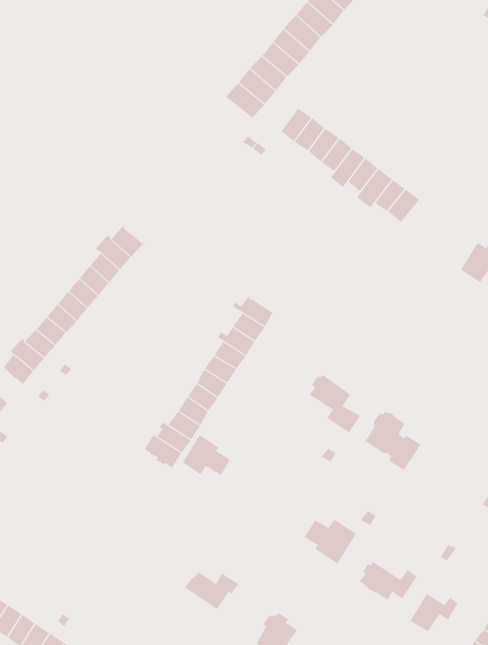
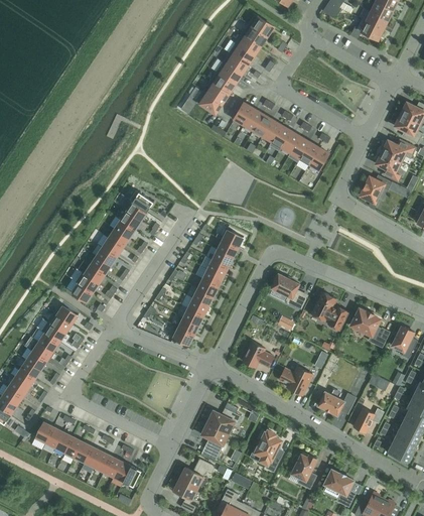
building: [182,435,231,476] -> [242,342,273,368]
building: none -> [350,308,389,347]
building: none -> [200,421,228,452]

